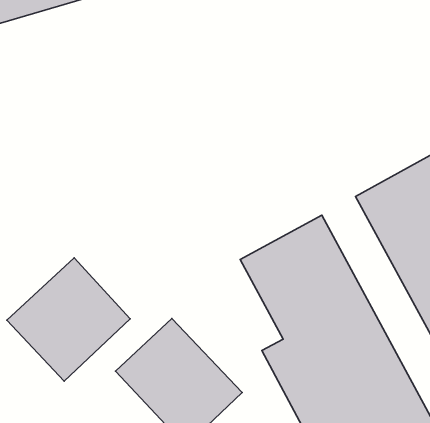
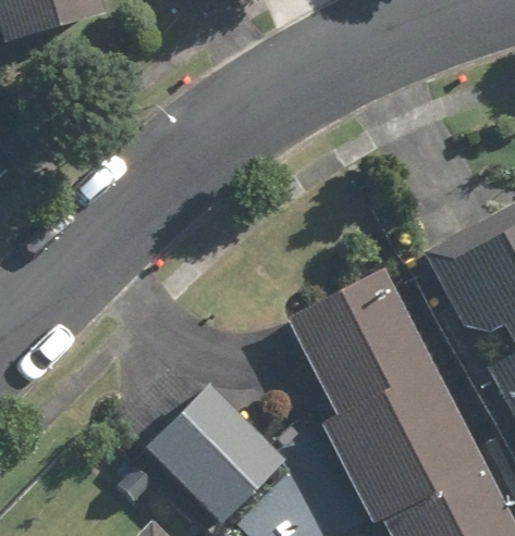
building: [7,258,130,381] -> none

